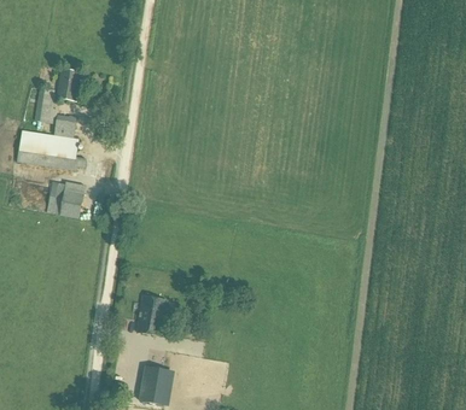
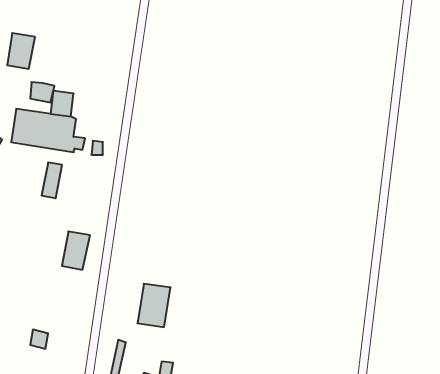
building: [56,68,82,101] -> [7,33,35,69]
building: [59,181,86,217] -> [62,231,90,270]

